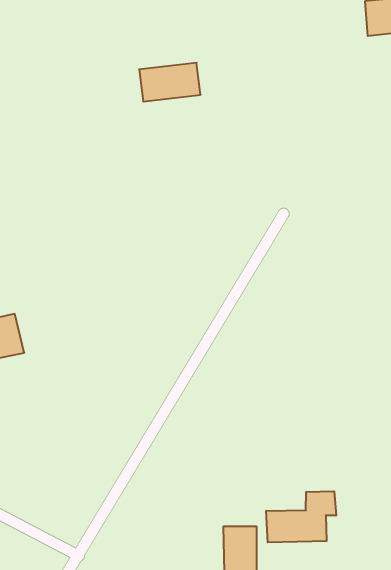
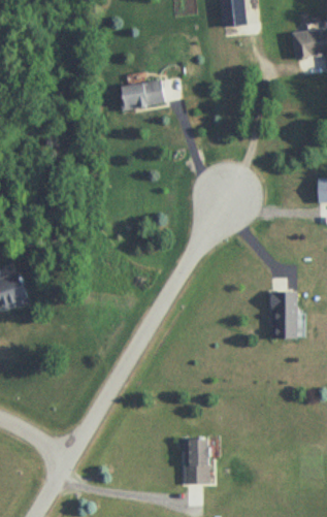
building: none -> [271,291,298,338]
building: [266,491,336,542] -> none

